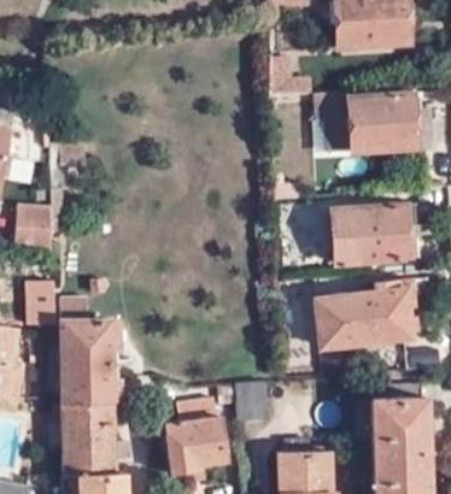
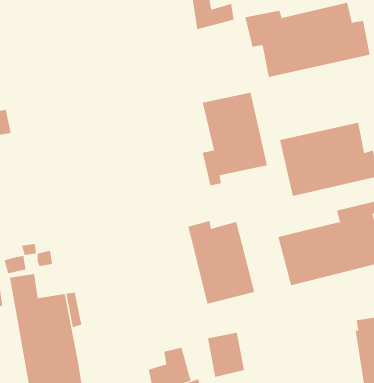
building: none -> [202,92,267,186]
building: none -> [188,220,255,304]

